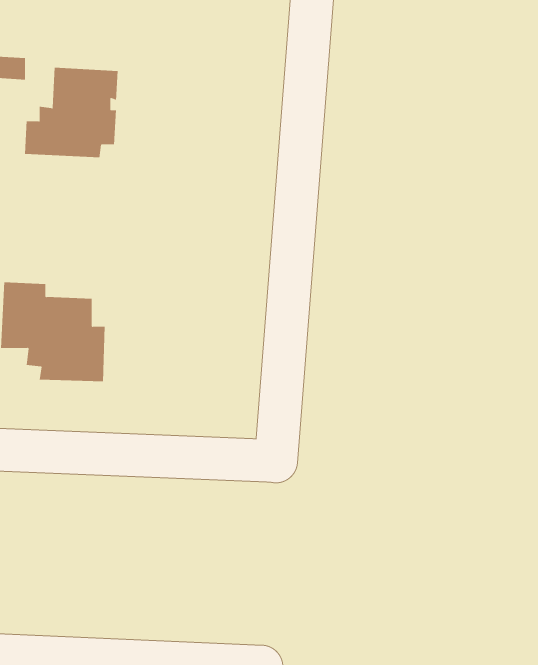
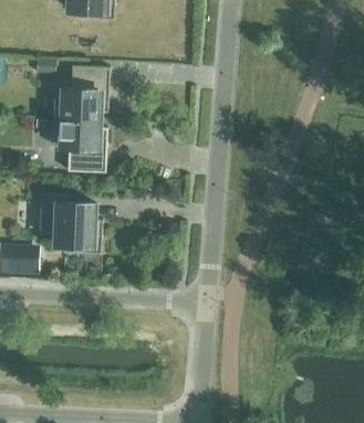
building: none -> [52,116,106,171]

